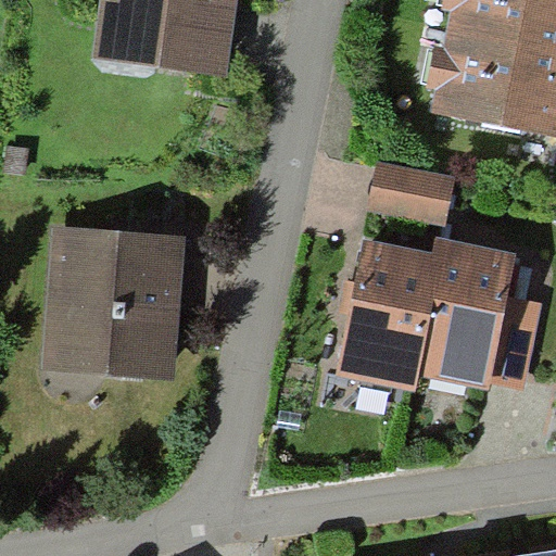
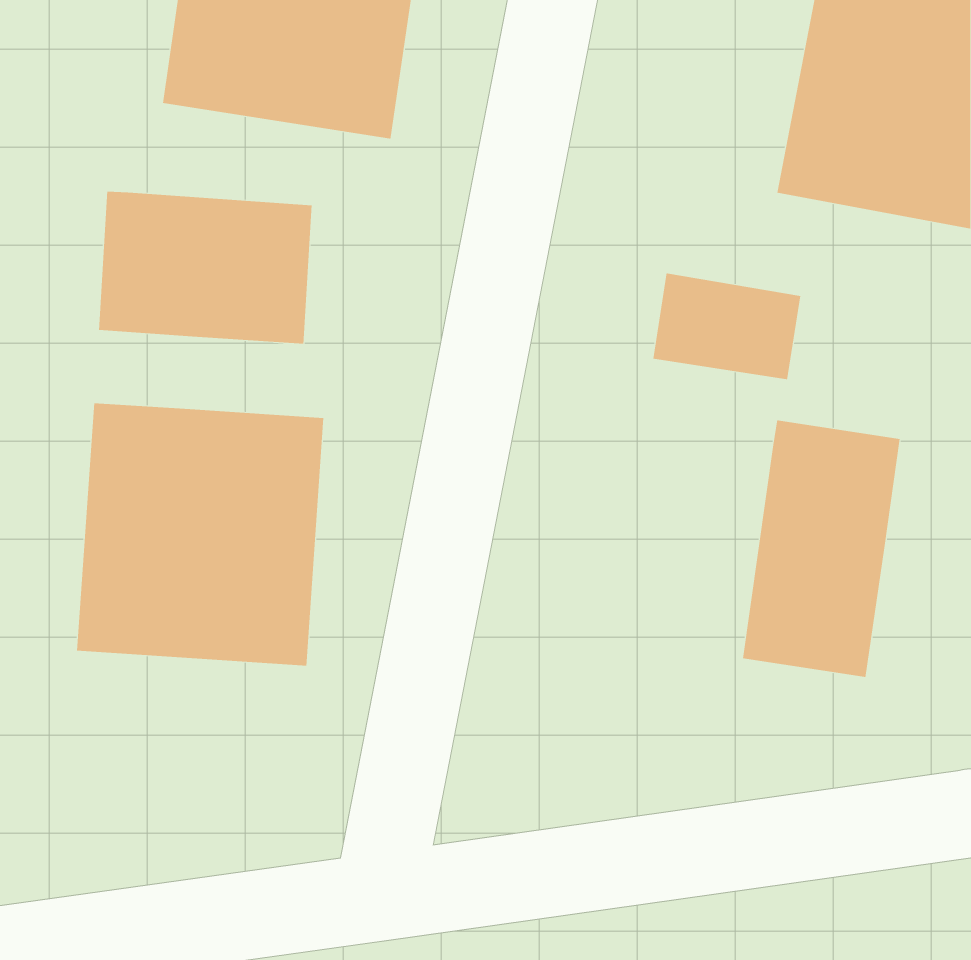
building: none -> [98,191,312,344]
building: [342,241,440,392] -> none

